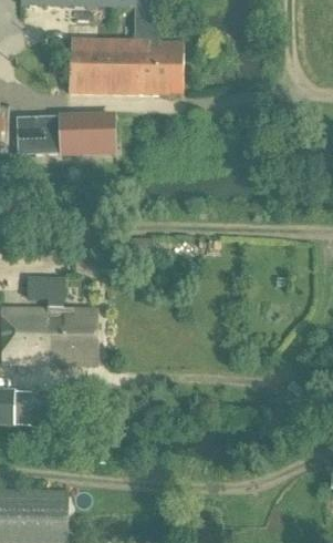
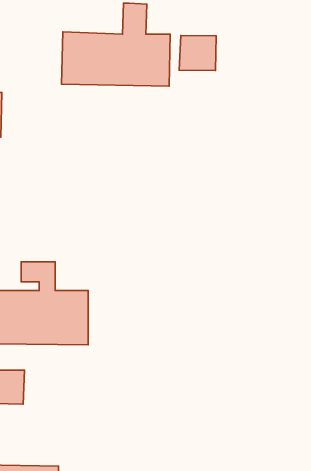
building: none -> [179,36,216,71]
building: [14,111,117,157] -> none

